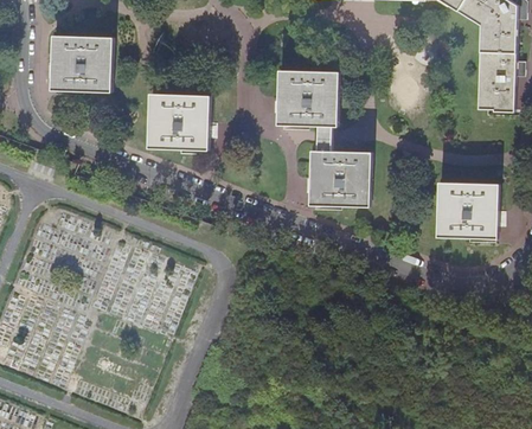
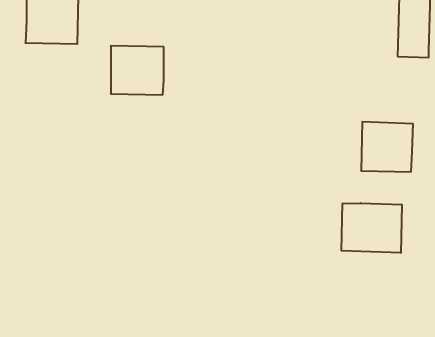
building: [280,69,367,205] -> none
building: none -> [342,203,402,253]

